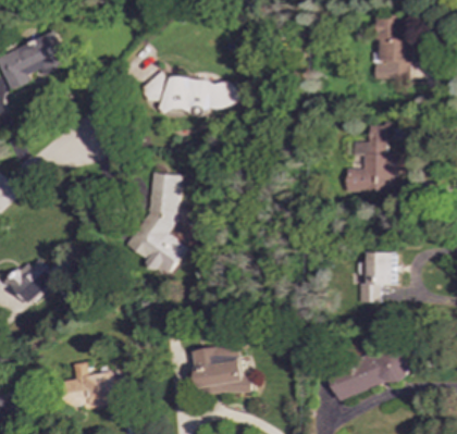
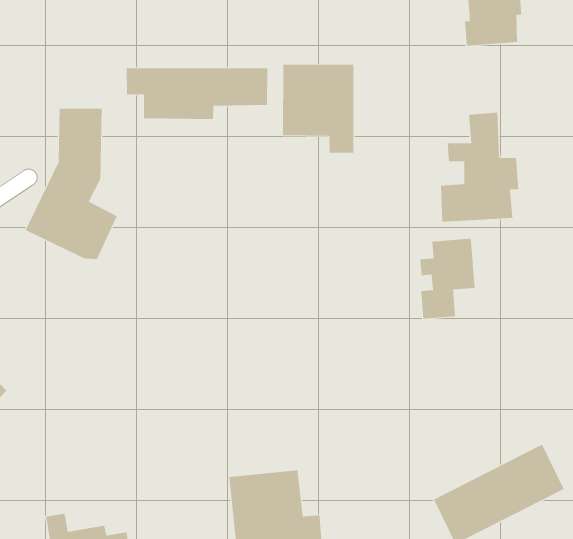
building: none -> [283,64,354,154]
building: [124,172,185,272] -> [25,108,118,260]
building: [358,251,394,301] -> [420,238,476,319]

